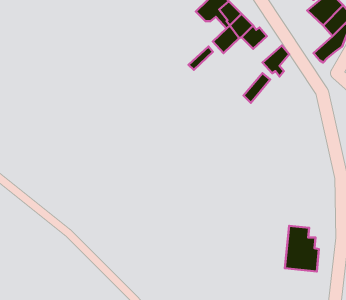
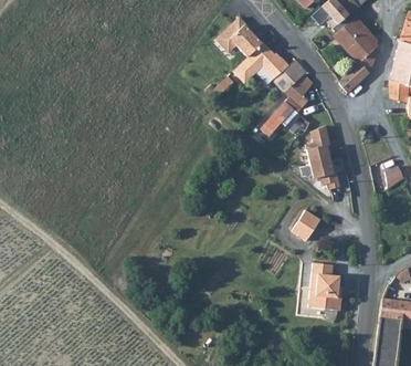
building: none -> [273,60,306,92]
building: none -> [305,126,340,189]
building: none -> [292,209,320,240]

